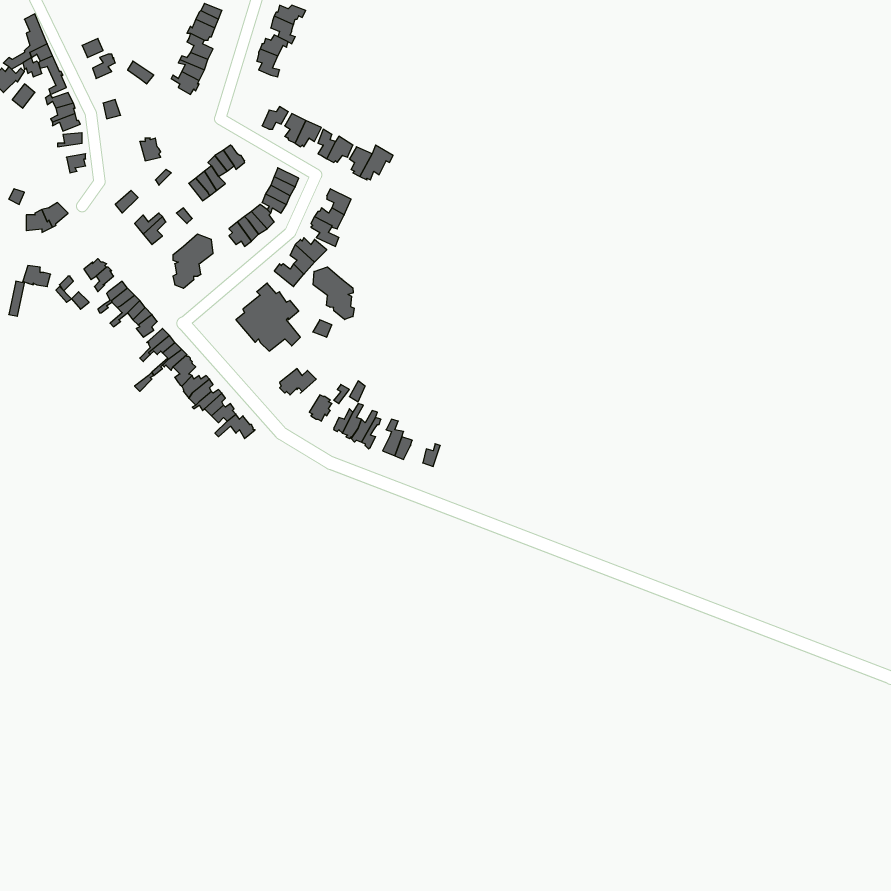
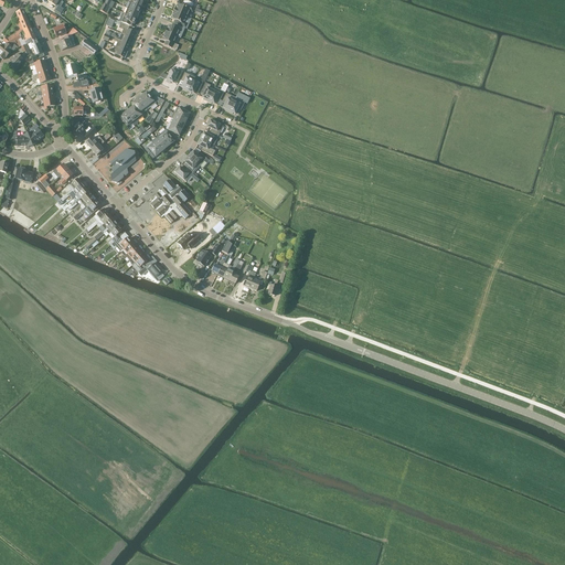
building: [313,267,354,320] -> none

